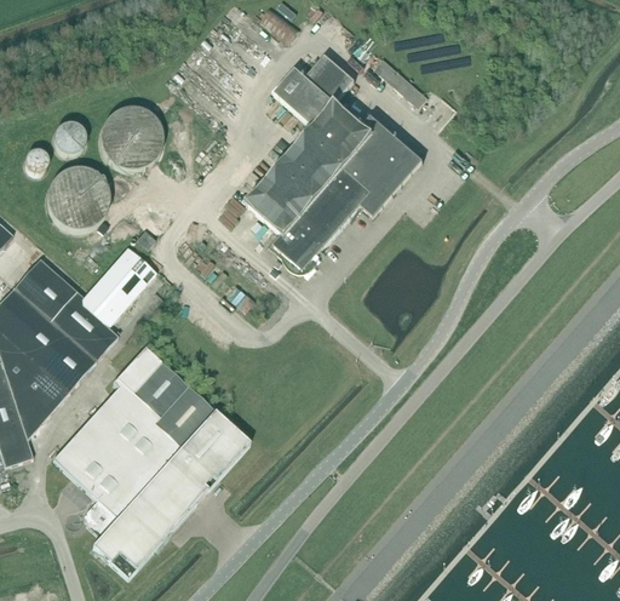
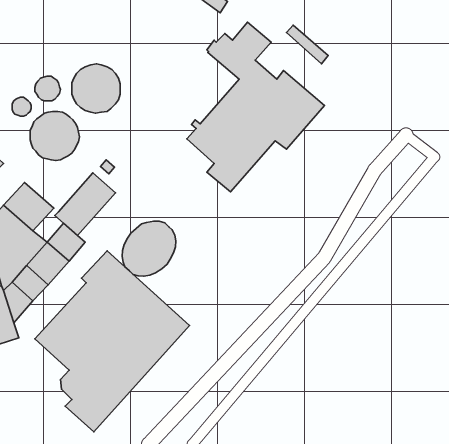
building: [51,291,90,334] -> none
building: none -> [122,221,176,276]

